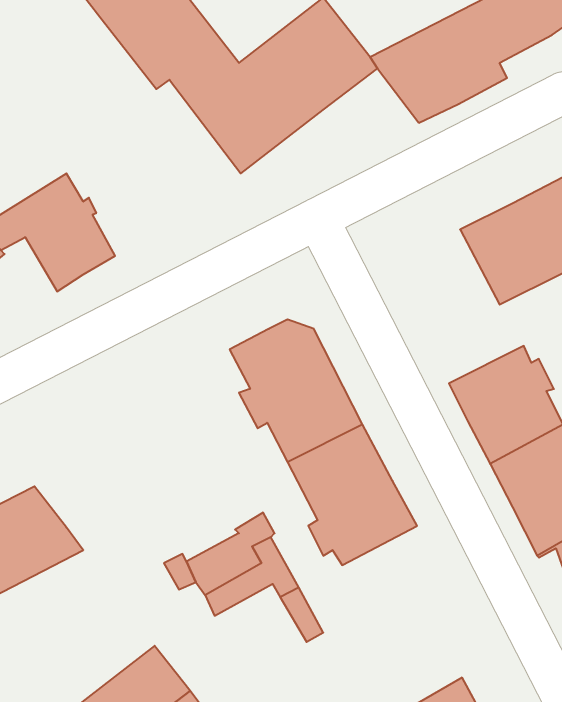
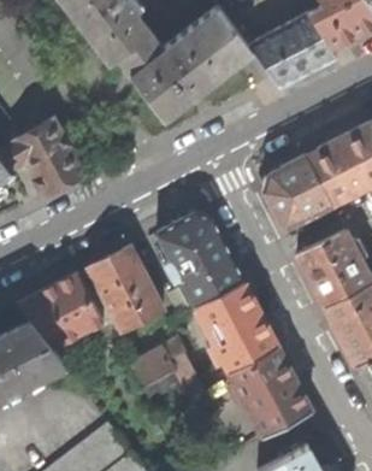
building: none -> [261,157,330,229]
building: none -> [88,247,164,334]
building: none -> [18,275,102,348]
building: none -> [226,347,309,437]

